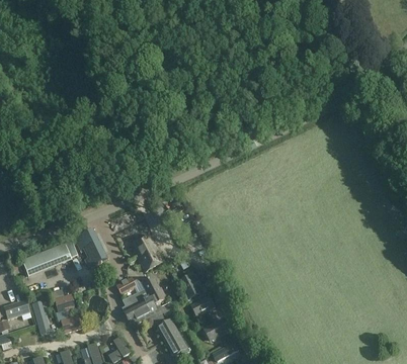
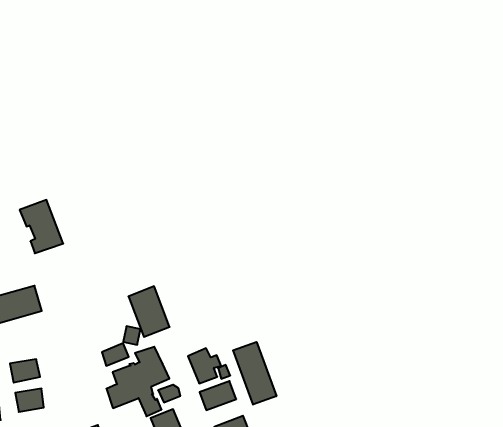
building: [74,229,107,267] -> [20,200,63,253]
building: none -> [233,342,276,405]

